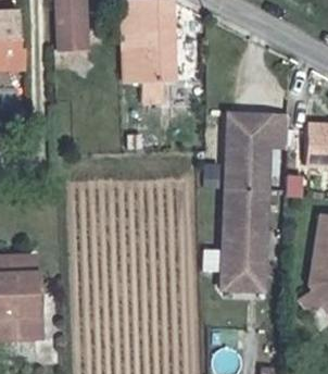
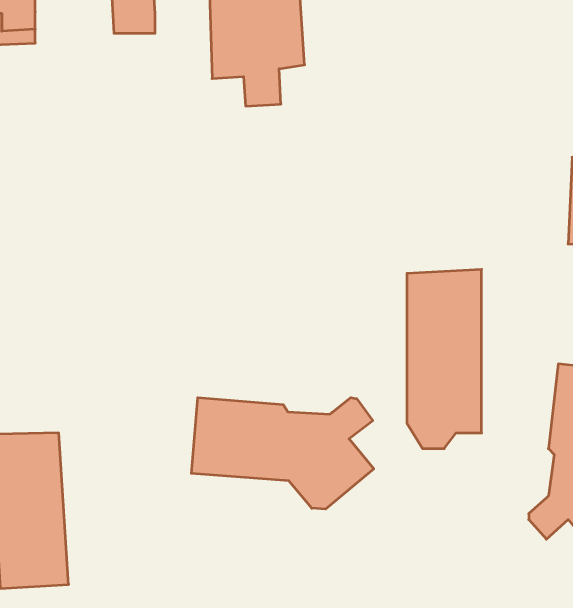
building: [227,105,281,183] -> none
building: none -> [191,398,374,509]

